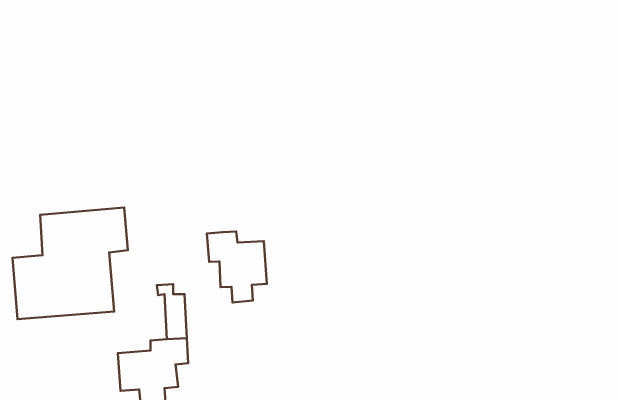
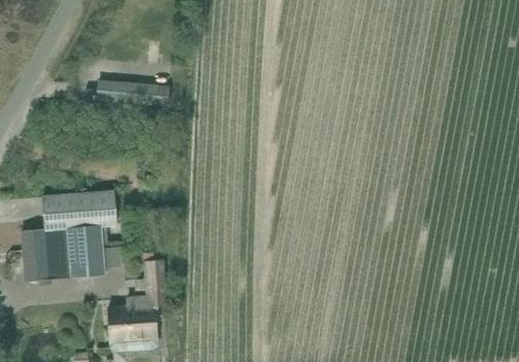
building: none -> [94,79,170,106]
building: [207,231,267,302] -> none

